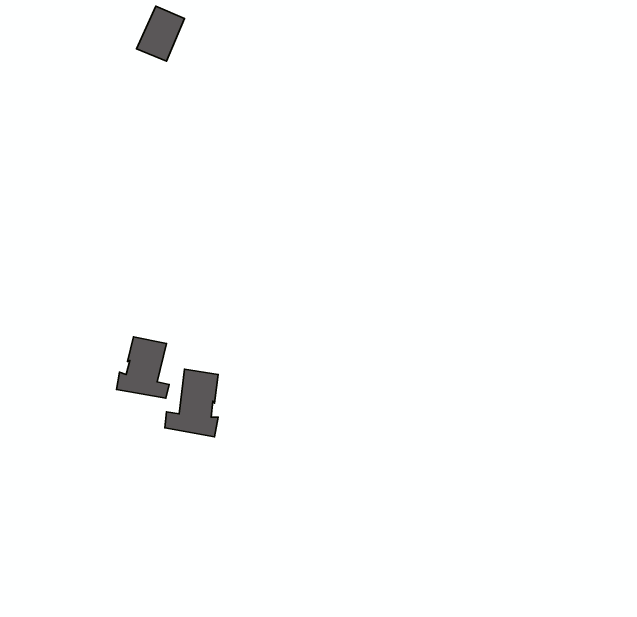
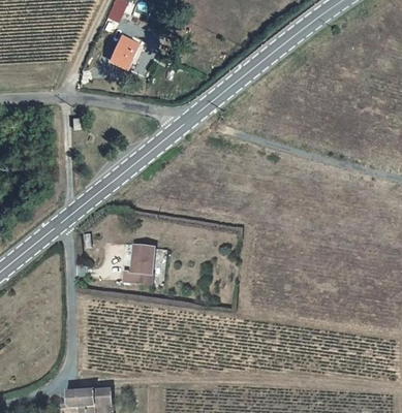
building: [117,337,169,398] -> none

